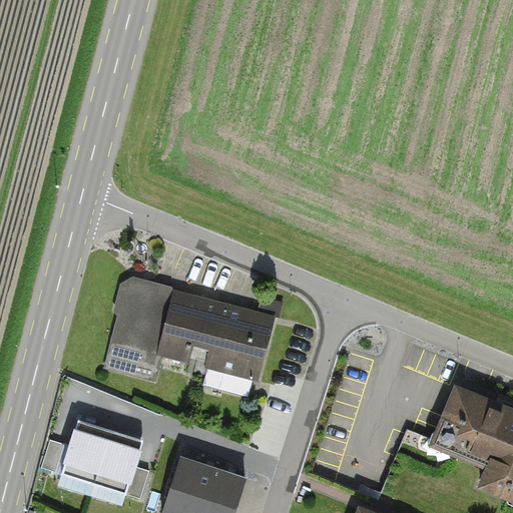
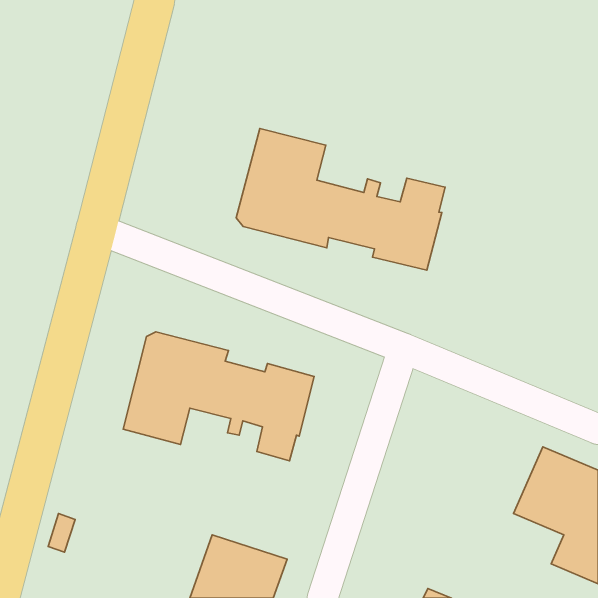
building: none -> [236,128,445,270]
building: [62,420,149,498] -> none

